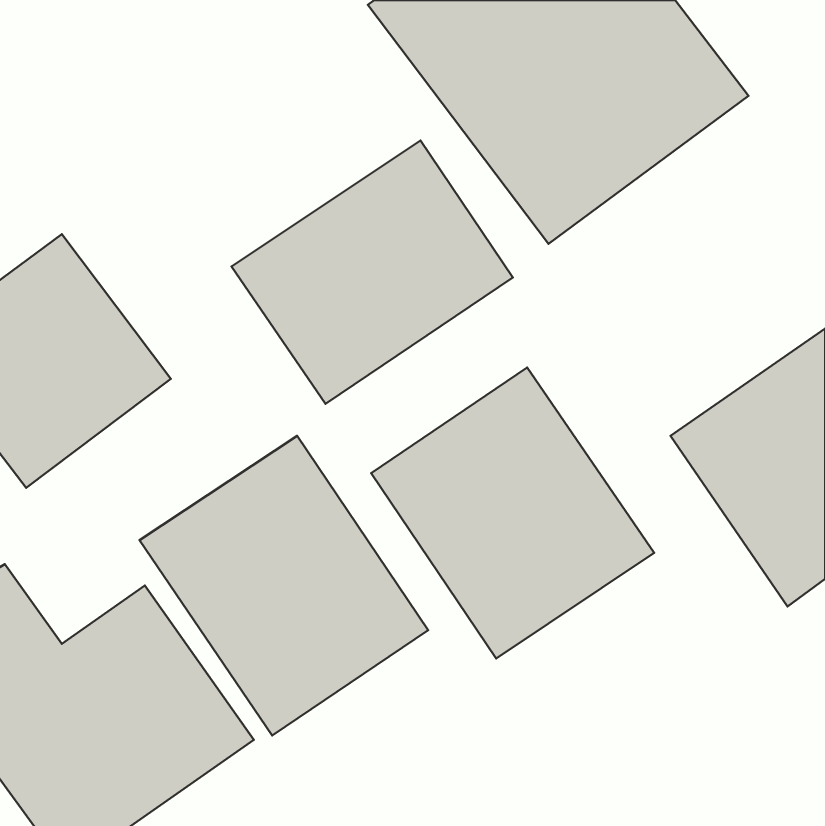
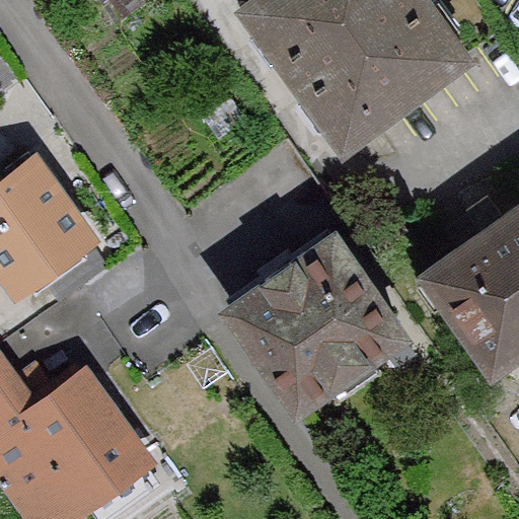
building: [232,140,513,404] -> none
building: [140,436,428,735] -> none

